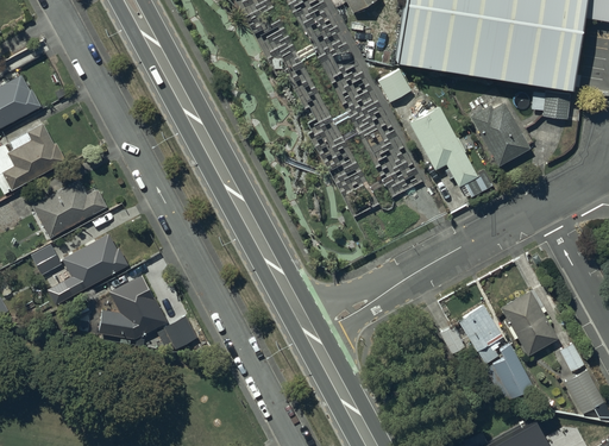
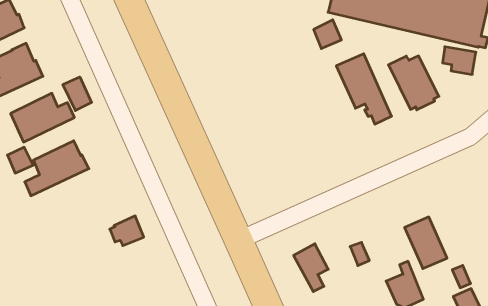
building: none -> [63,77,92,111]
building: [100,275,168,340] -> none
building: [458,307,500,363] -> [294,244,328,292]

